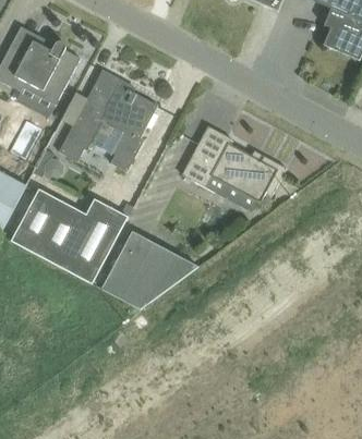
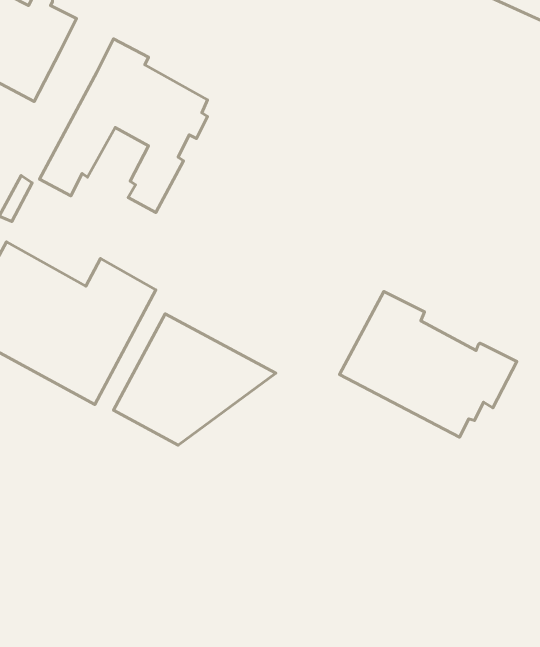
building: [181,125,286,211] -> [340,291,517,437]

